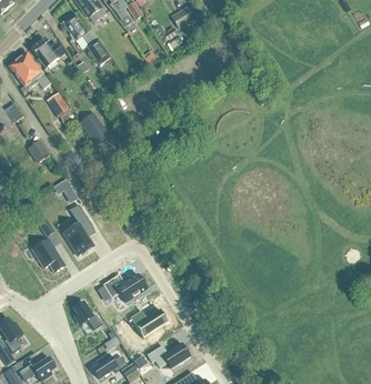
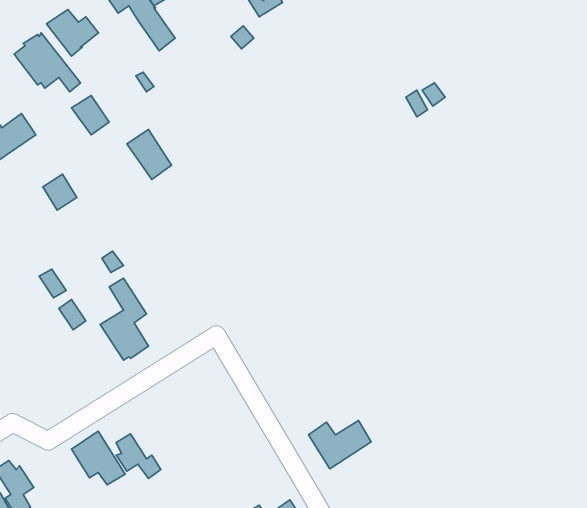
building: [32,239,66,272] -> [71,431,125,485]
building: [103,273,147,302] -> none
building: [129,309,168,338] -> [309,420,371,469]

